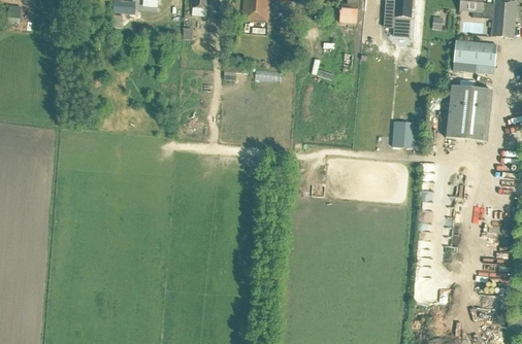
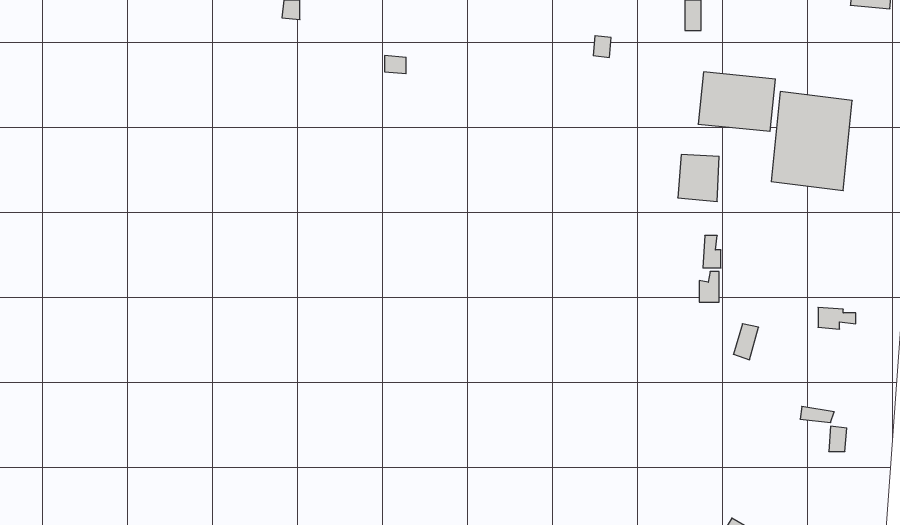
building: [453,39,497,73] -> [698,72,775,131]

